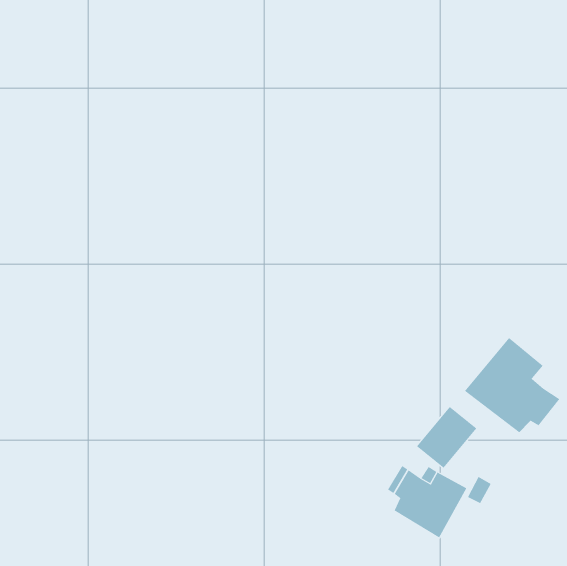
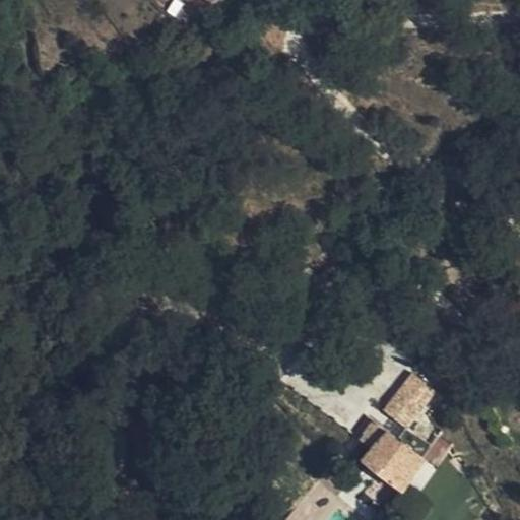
building: [464,337,560,433] -> none

